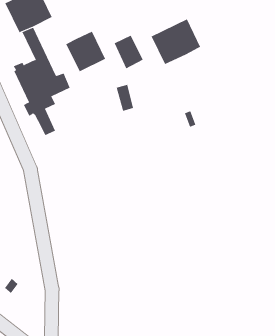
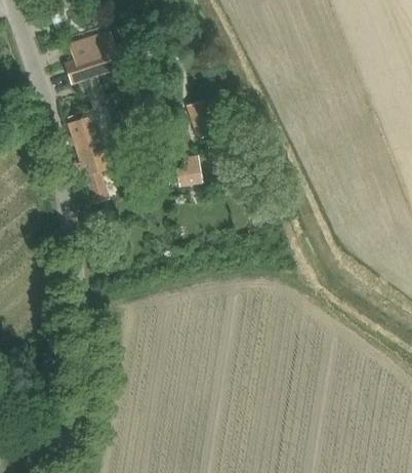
building: [151,18,201,65] -> none
building: [66,31,106,72] -> none

